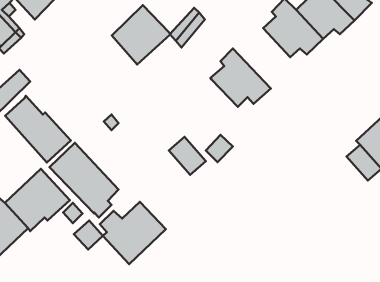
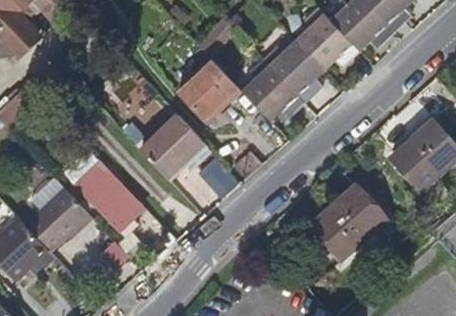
building: [112,5,170,64] -> [180,60,241,122]
building: none -> [263,37,323,100]
building: [5,96,71,162] -> none
building: none -> [315,185,389,261]
building: [100,202,166,264] -> [140,120,209,186]

